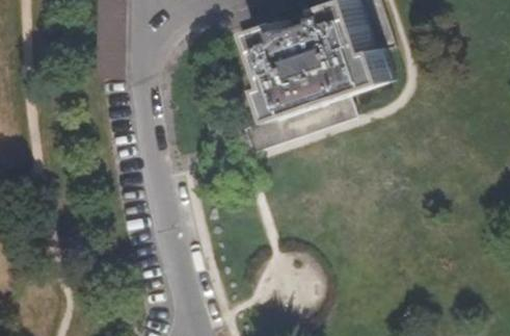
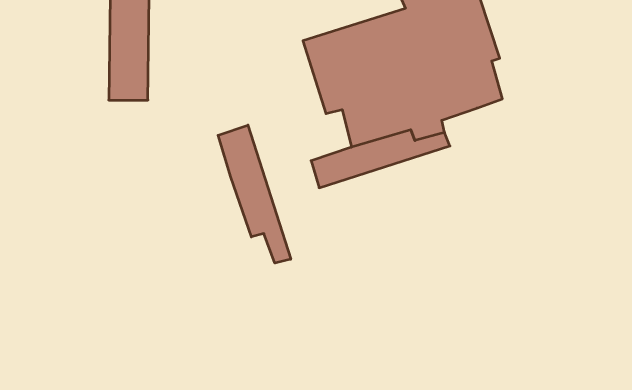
building: none -> [218,125,291,263]

